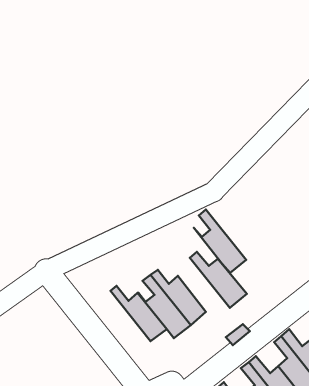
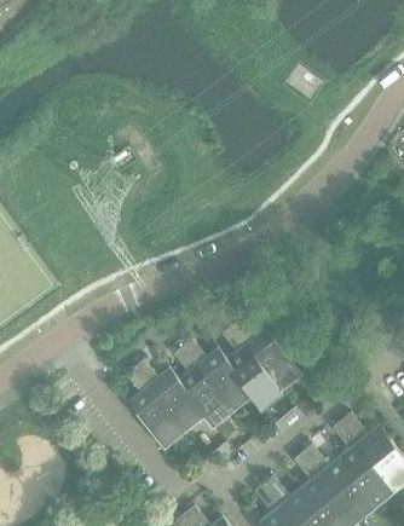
building: [194,210,246,273] -> [219,330,282,406]
building: none -> [127,370,186,447]

